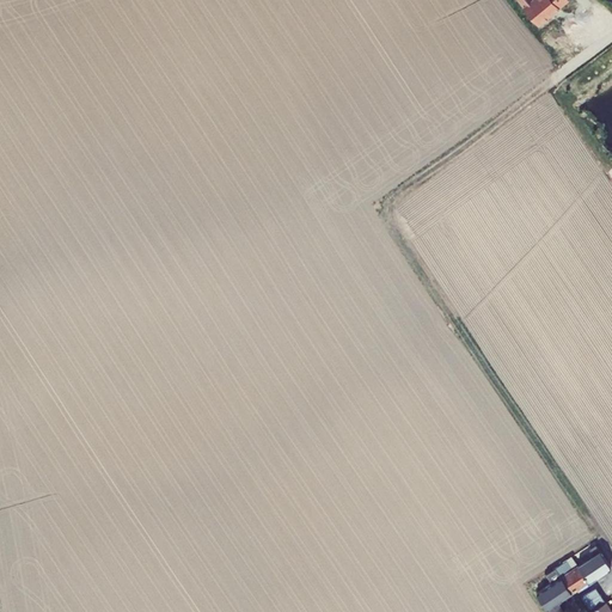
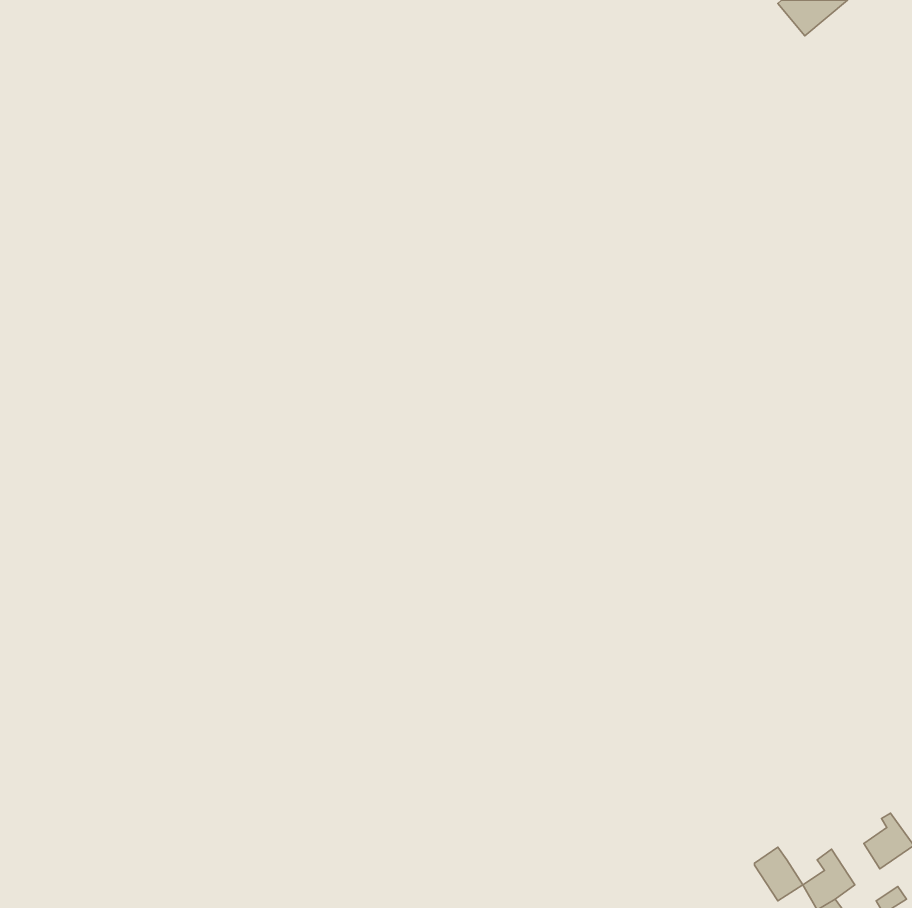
building: [557,559,589,595] -> [755,847,803,901]

